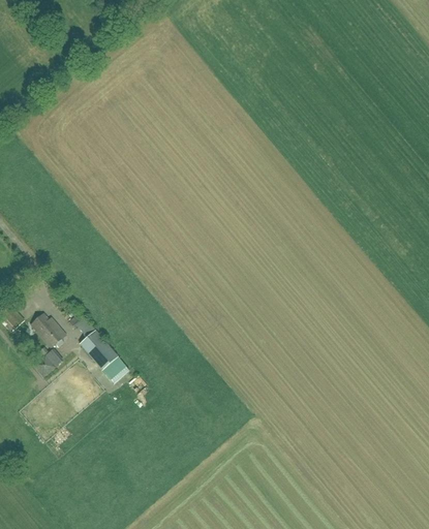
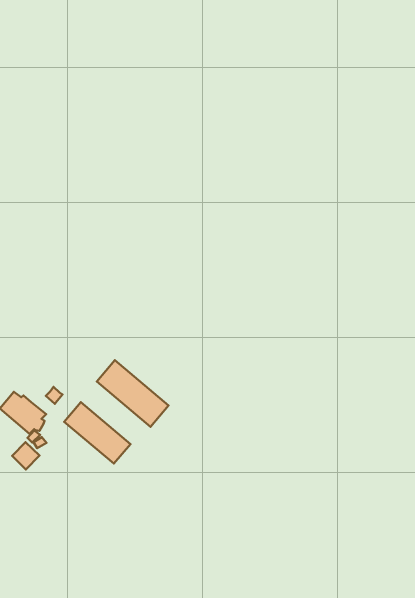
building: none -> [97,360,169,427]

